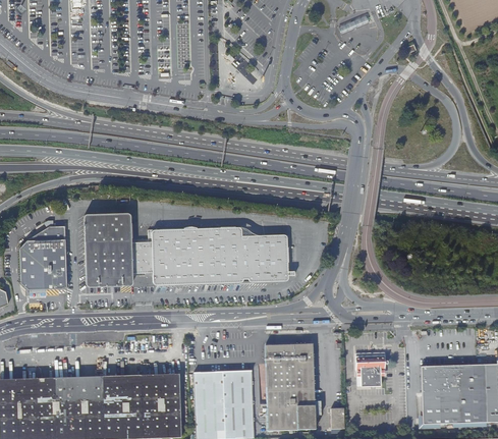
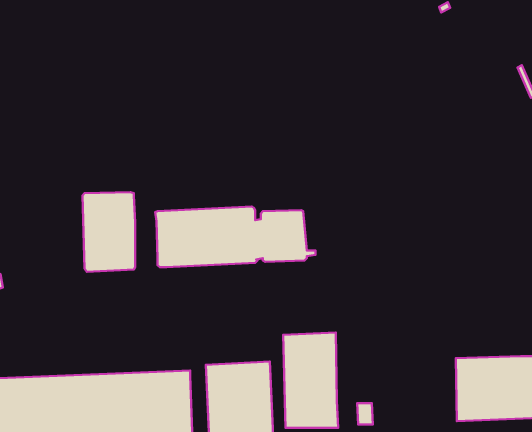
building: [18,225,65,287] -> none
building: [130,237,151,280] -> none
building: [357,351,387,385] -> none

